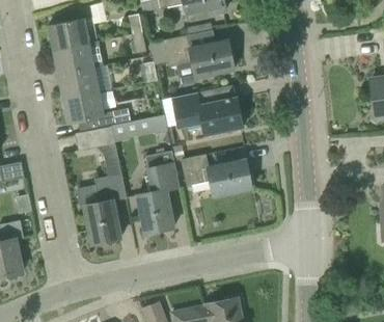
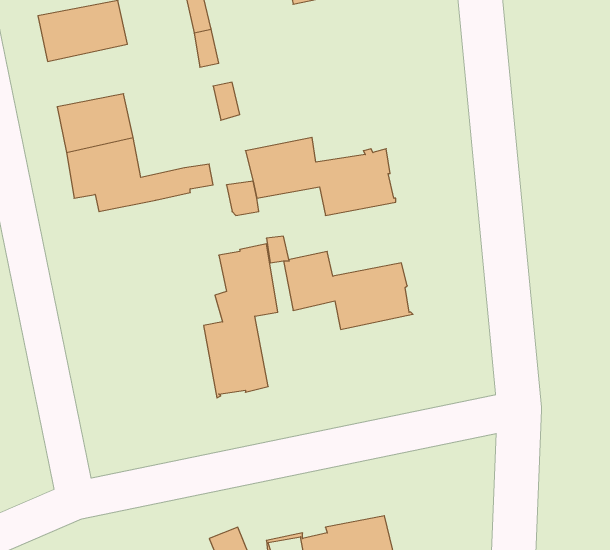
building: [164,35,235,77] -> none
building: [53,41,104,75] -> none
building: [75,126,127,244] -> none

